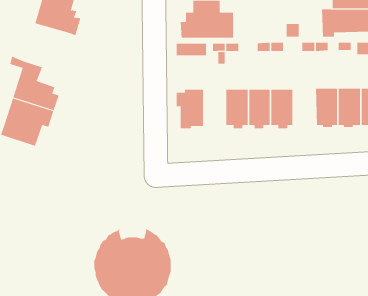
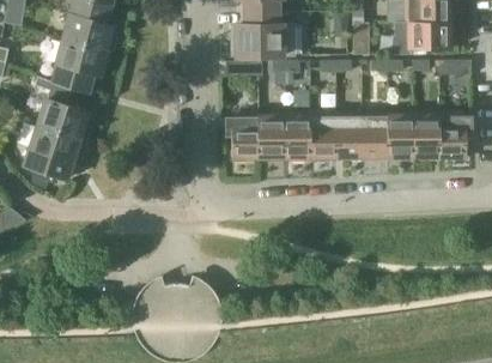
building: none -> [51,38,105,92]
building: none -> [362,113,388,159]
building: none -> [259,114,284,159]

